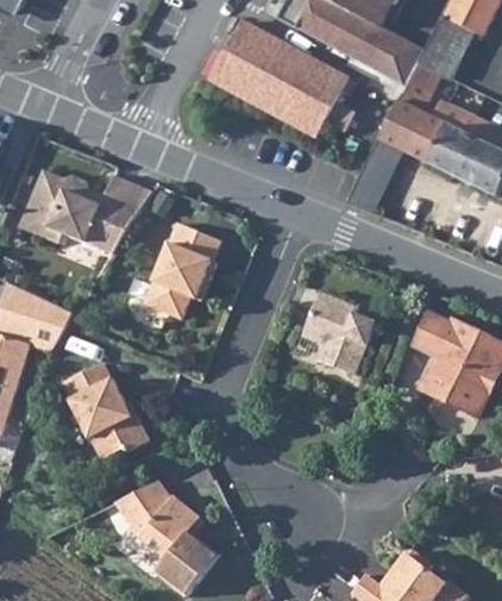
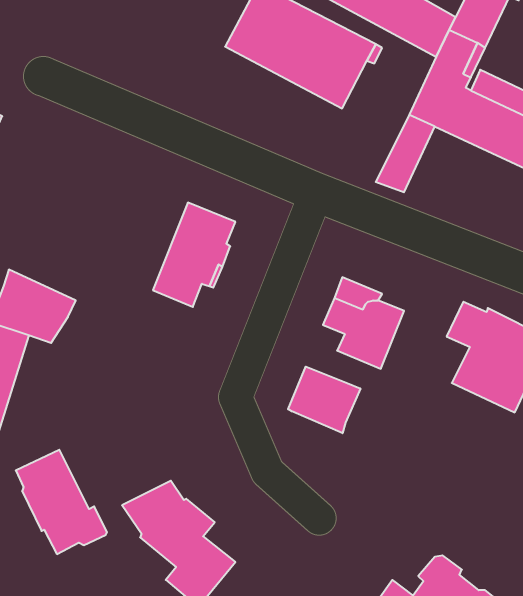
building: [18,169,151,253] -> none
building: [64,362,149,458] -> [16,450,107,554]
building: none -> [288,367,360,433]

